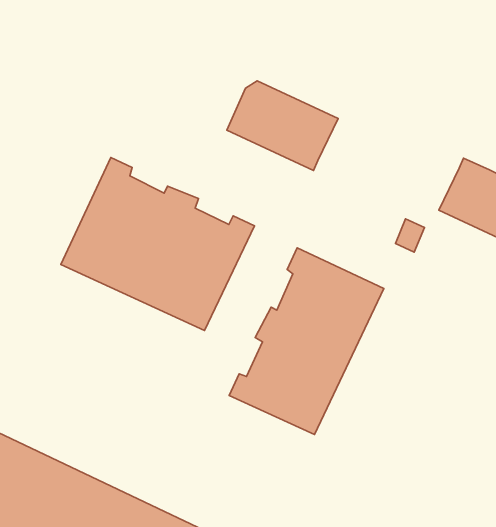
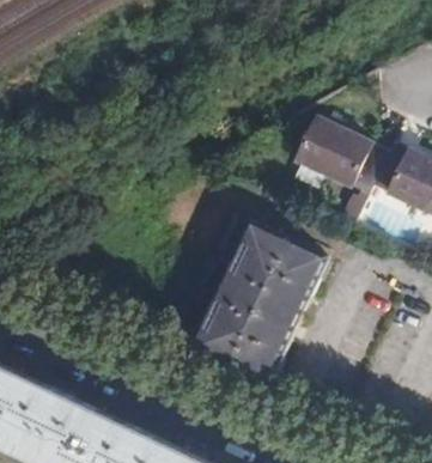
building: [227,81,338,171] -> [294,120,387,194]
building: [61,157,254,330] -> none

